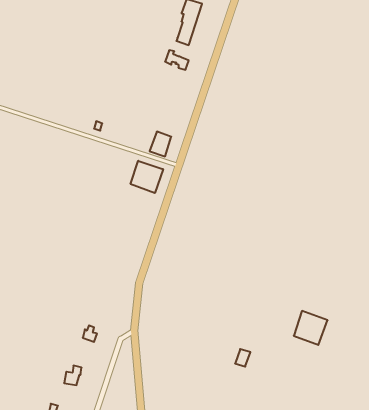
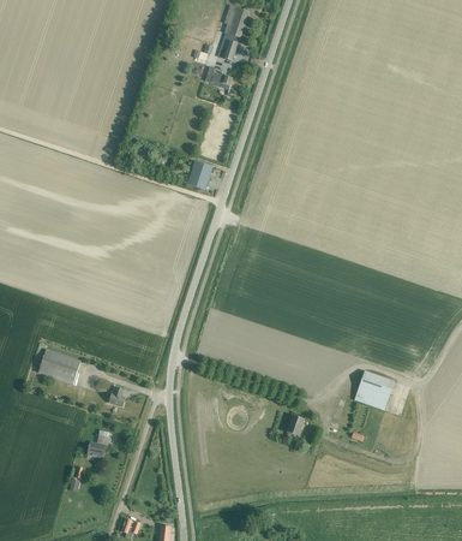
building: [131,161,163,193] -> none
building: none -> [37,349,79,384]

